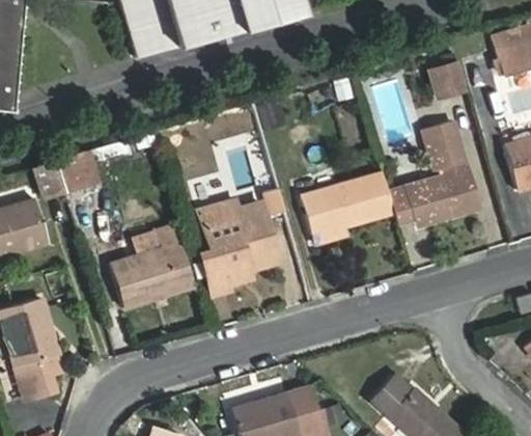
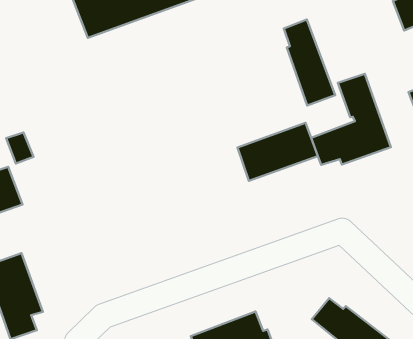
building: none -> [284,20,335,105]
building: [431,61,467,97] -> none
building: [56,152,92,189] -> none
building: [200,200,280,295] -> none
building: [110,225,195,308] -> none

